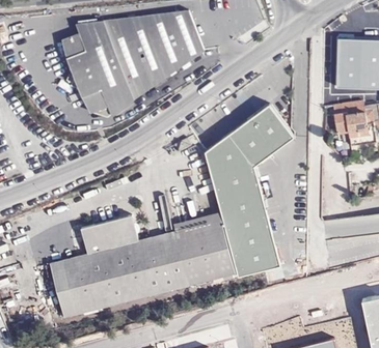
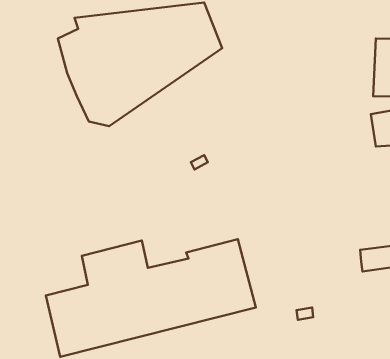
building: [204,104,293,277] -> none

